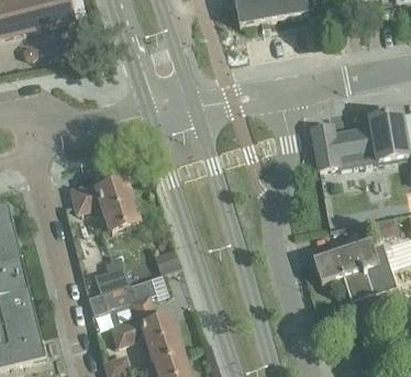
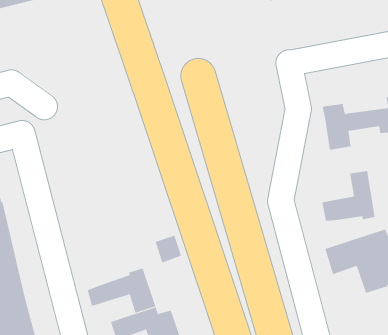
building: [71,179,138,230] -> none
building: none -> [322,170,375,222]
building: [95,265,130,293] -> none

